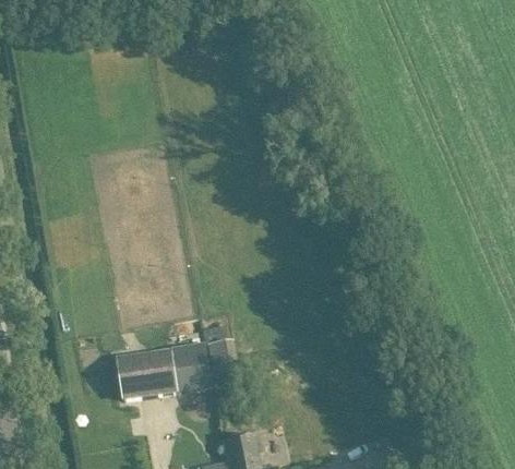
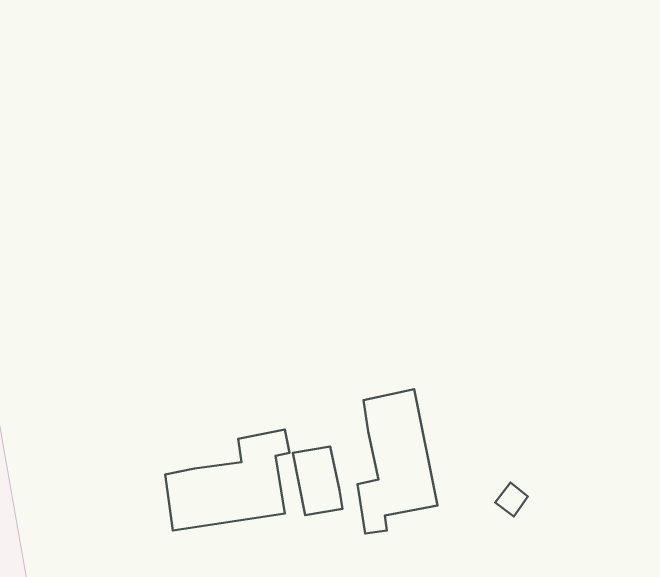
building: none -> [357,389,438,534]

